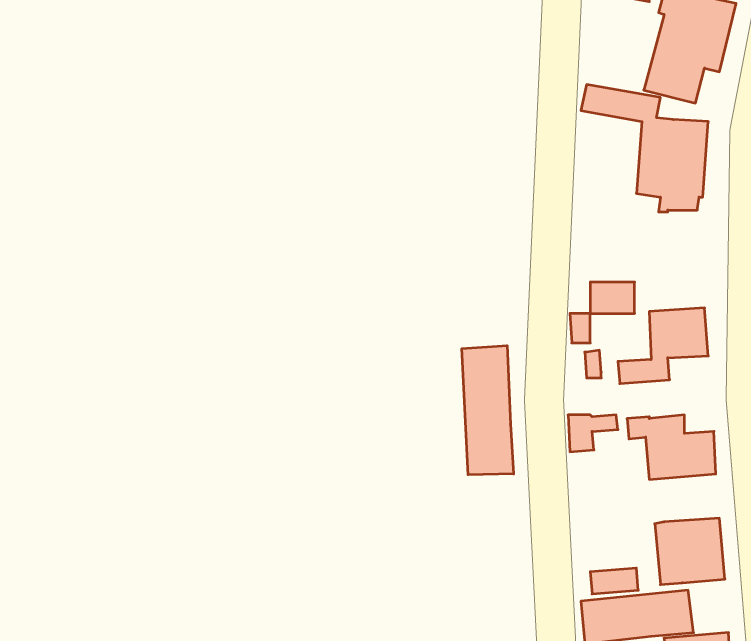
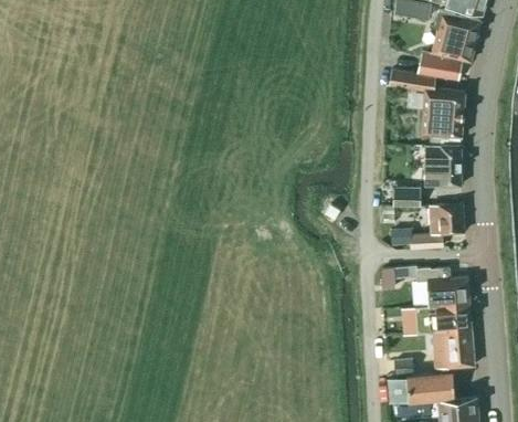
building: none -> [424,145,461,186]
building: [462,346,514,475] -> none
building: none -> [414,303,471,334]

